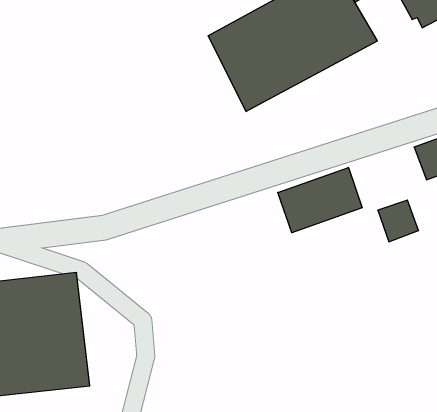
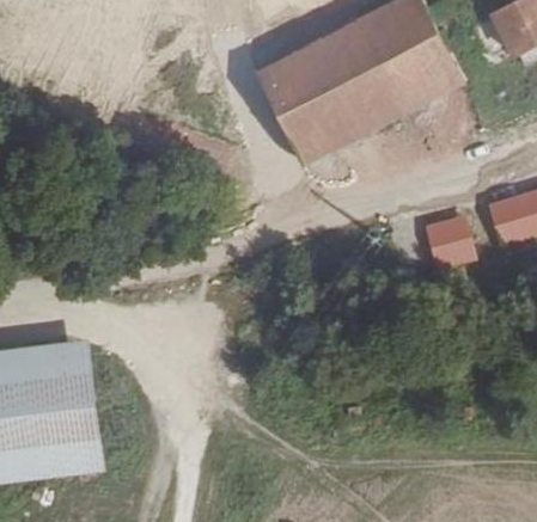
building: [278,167,362,233] -> none
building: [378,200,419,242] -> [437,220,484,269]

